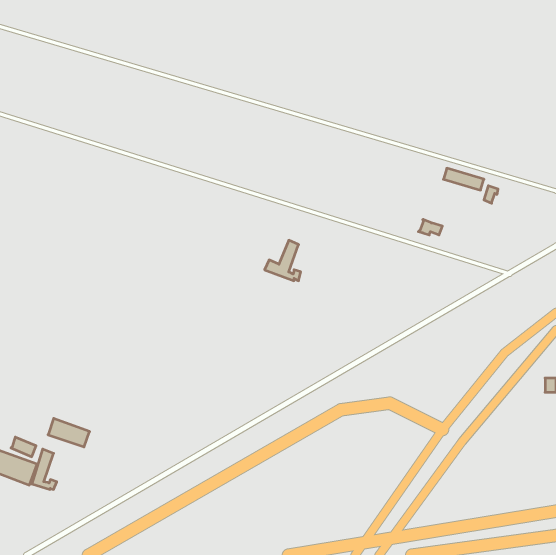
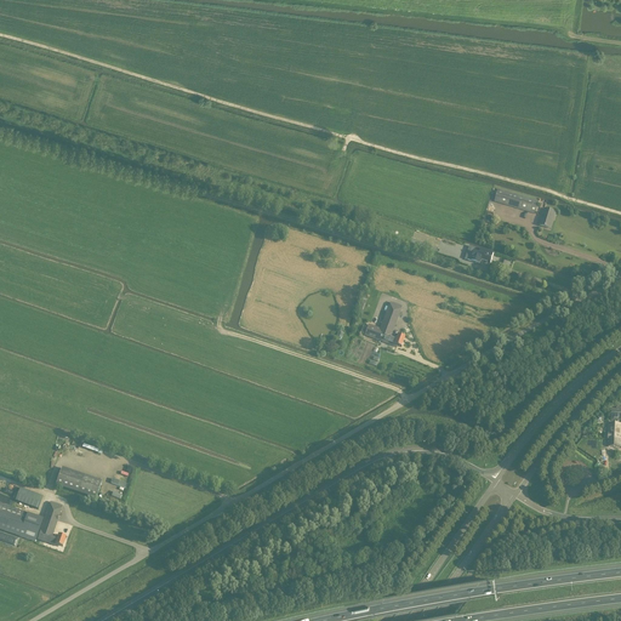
building: [265,240,301,281] -> [361,300,401,344]

